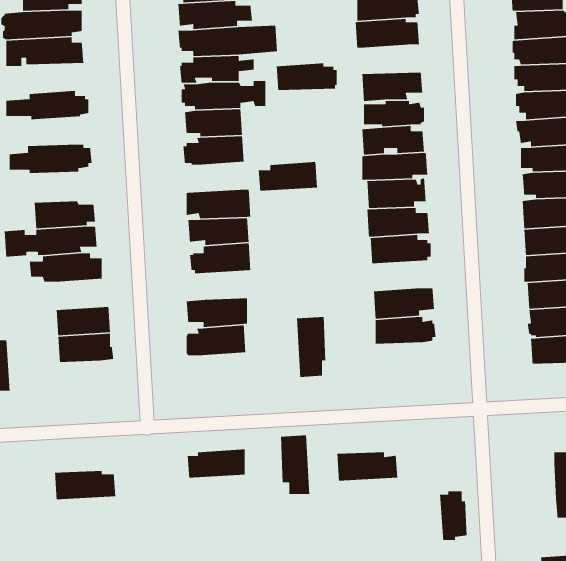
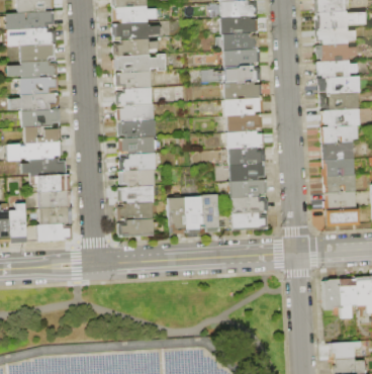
building: [276,62,338,91] -> [221,32,259,50]
building: none -> [20,43,56,62]
building: none -> [19,76,58,93]
building: [258,161,318,191] -> [116,103,153,121]
building: none -> [21,108,60,127]
building: none -> [228,163,265,181]
building: none -> [119,169,155,186]
building: none -> [37,174,71,192]
building: none -> [200,193,219,231]
building: none -> [8,202,27,243]
building: [280,435,310,495] -> [167,197,185,233]
building: [187,448,245,479] -> [117,218,153,237]
building: [337,451,398,482] -> [230,212,268,230]
building: [54,470,116,500] -> [35,223,73,242]
building: [439,491,468,541] -> [322,279,340,309]

